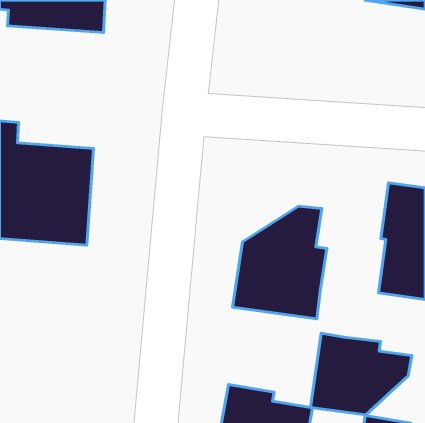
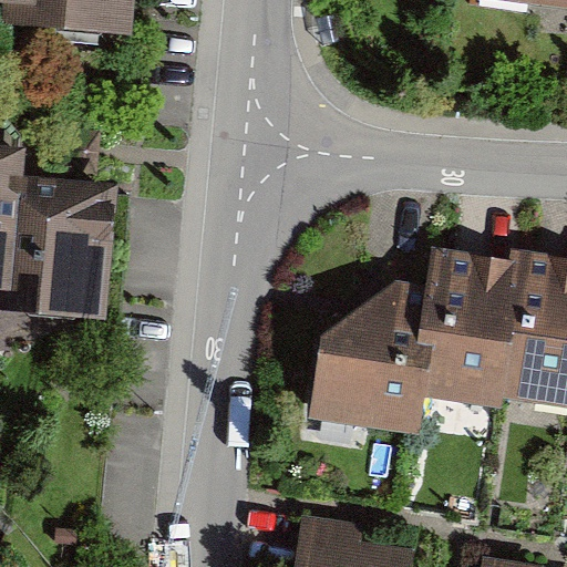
building: none -> [420,245,515,402]
building: [310,333,412,415] -> none

